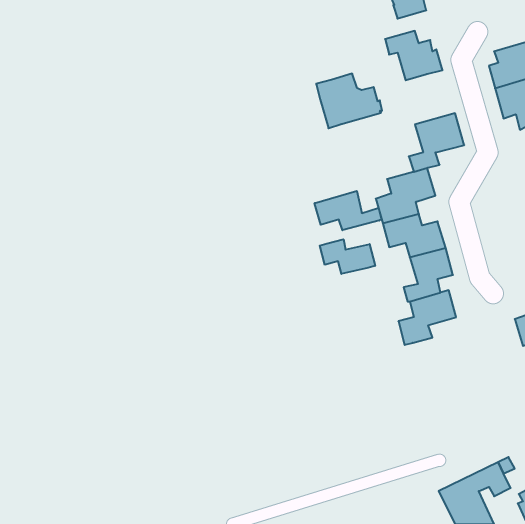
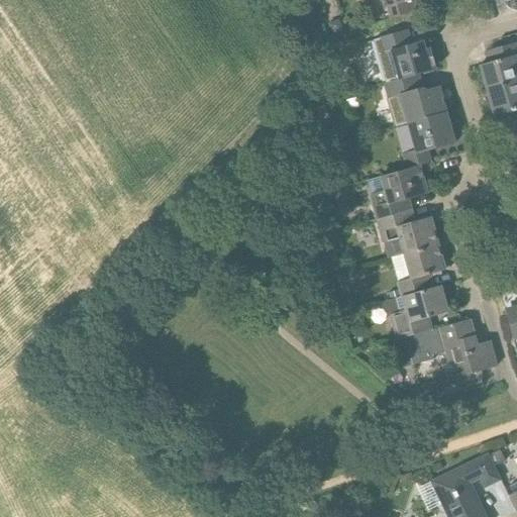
building: [316,74,382,128] -> [384,73,448,126]
building: [315,191,381,230] -> none
building: [320,239,375,274] -> none
building: none -> [406,319,497,376]

